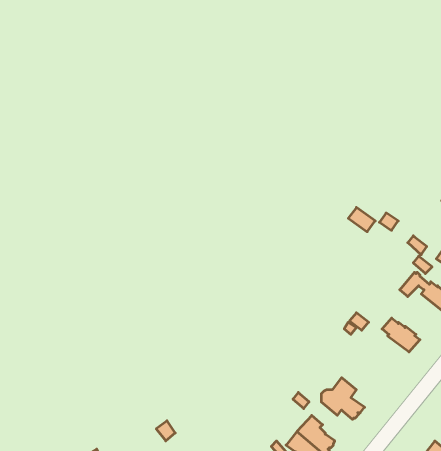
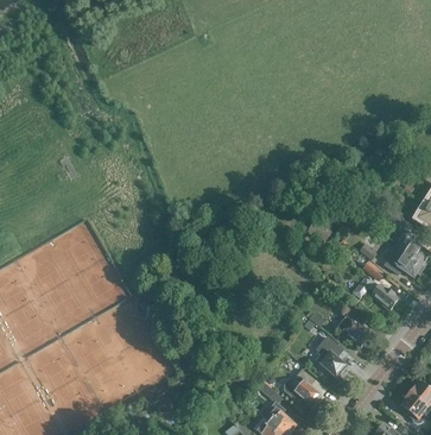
building: none -> [316,335,346,377]

